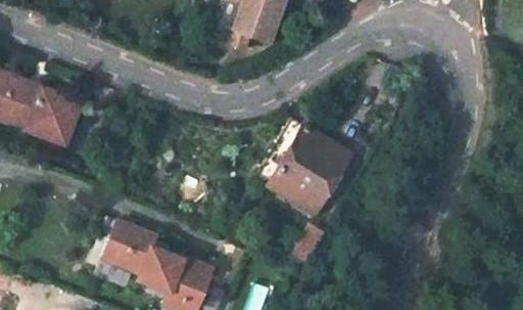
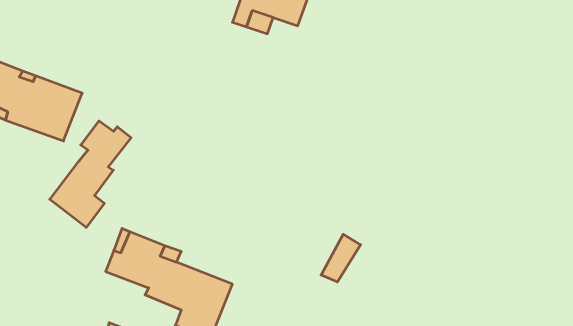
building: [255,120,351,216] -> none
building: none -> [50,121,131,227]

